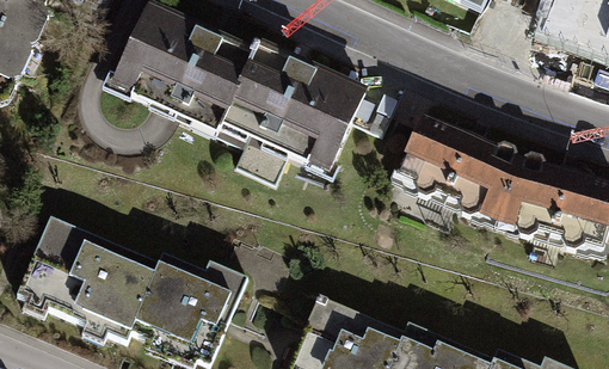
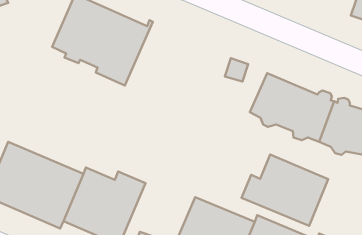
building: [217,43,364,183] -> none
building: none -> [242,154,328,226]

